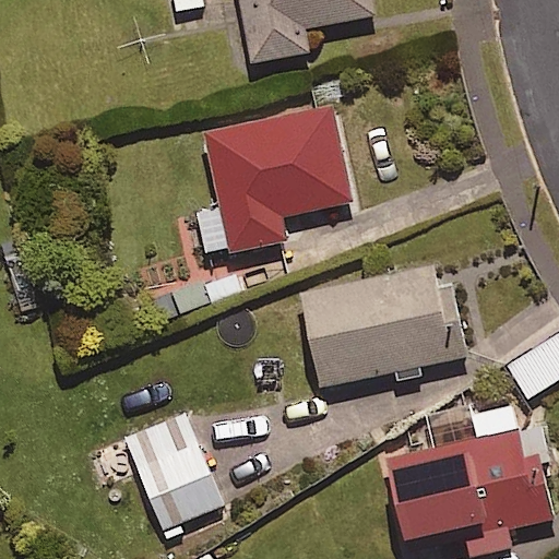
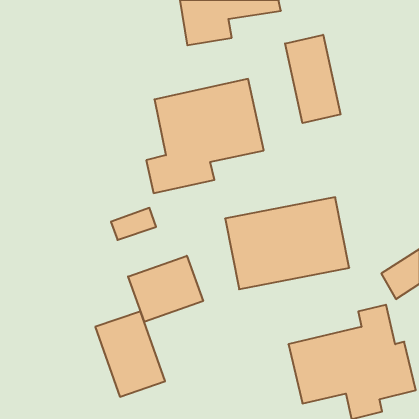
building: none -> [285,35,341,123]
building: none -> [128,256,203,322]

